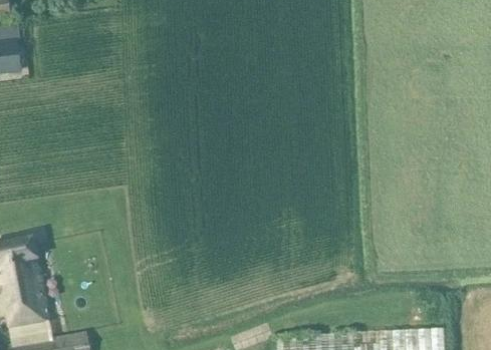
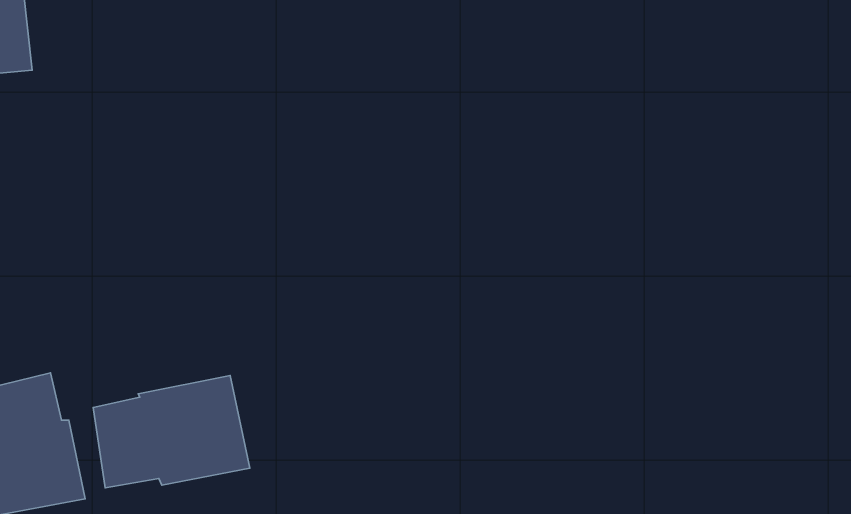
building: none -> [93,375,250,488]

